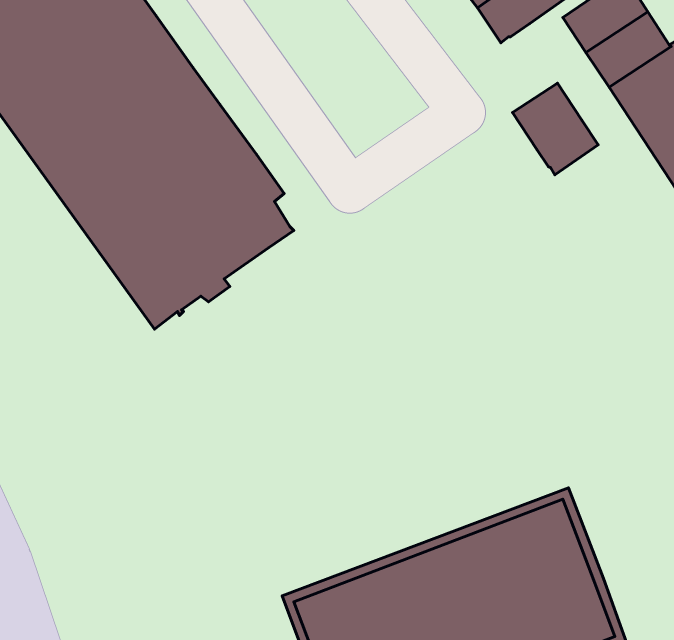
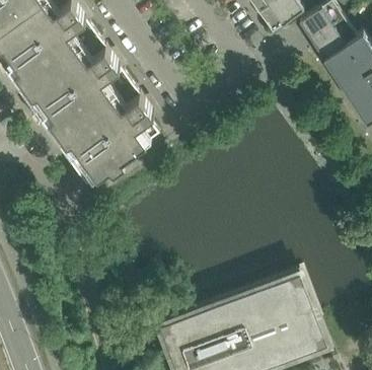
building: [512,83,598,175] -> none

